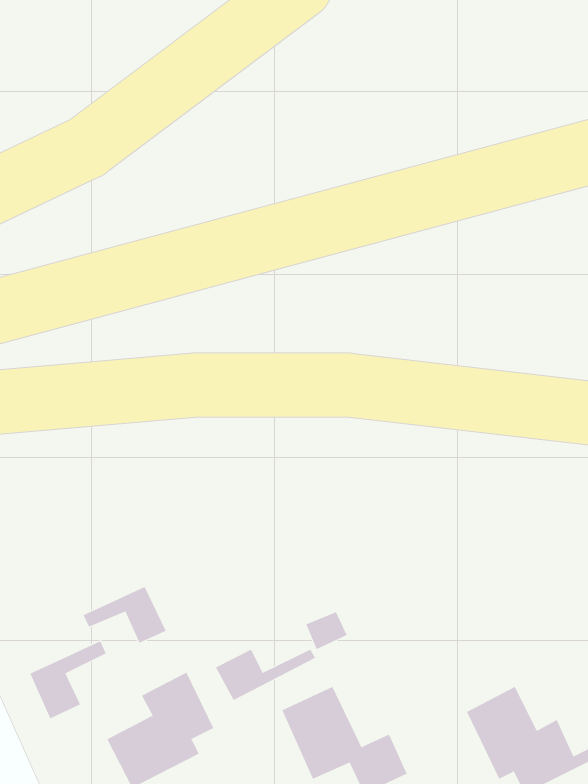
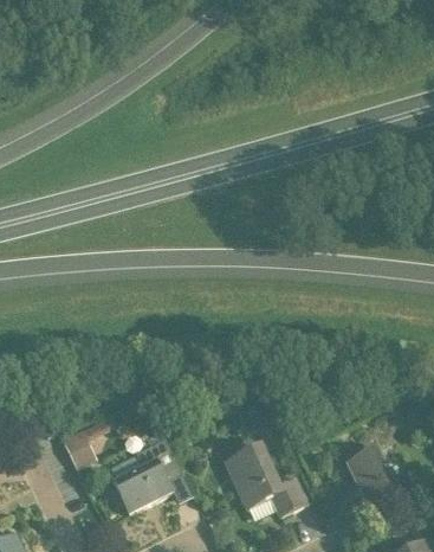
building: [83,586,167,644] -> none
building: [215,649,316,701] -> none

